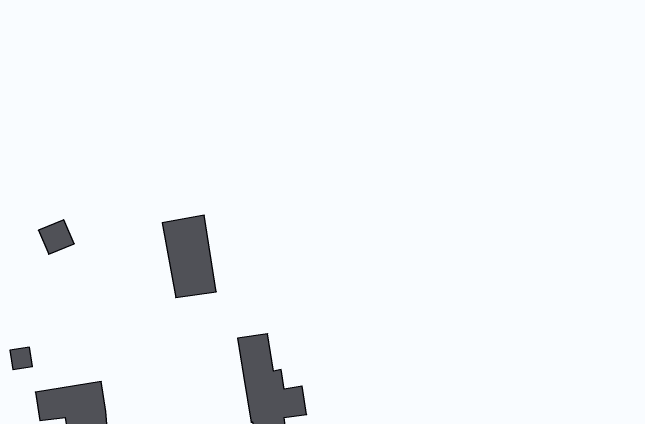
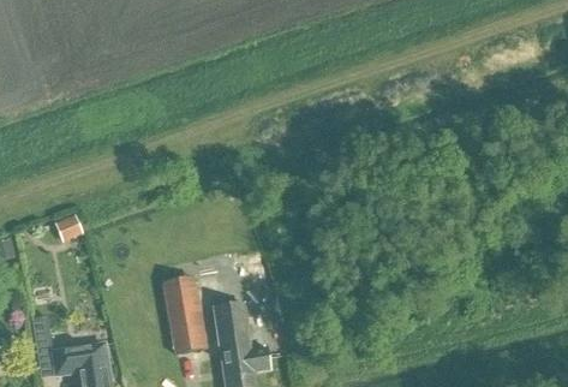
building: [162,215,216,298] -> [165,287,208,353]

